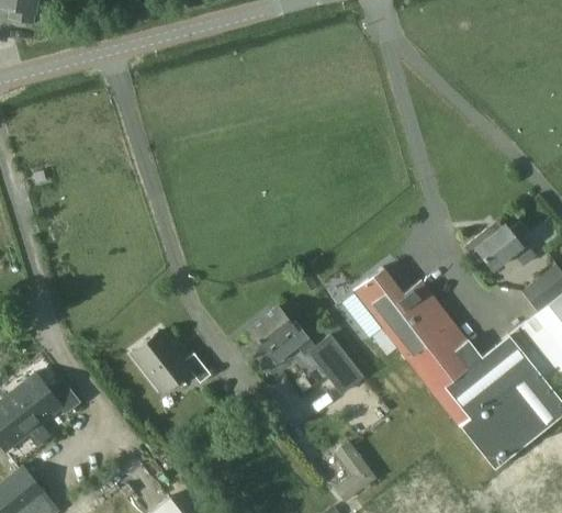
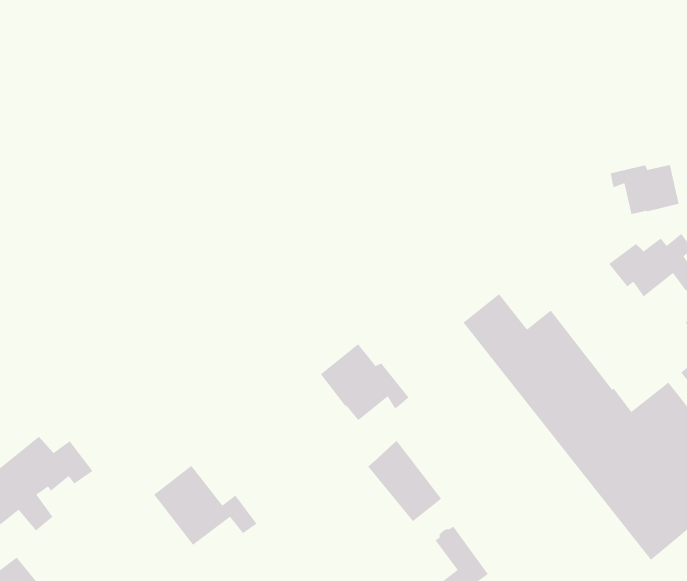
building: none -> [610,164,679,215]
building: [128,330,206,390] -> [153,465,258,546]
building: [307,334,363,395] -> [367,440,442,522]

